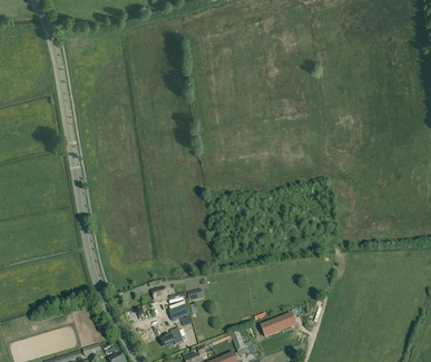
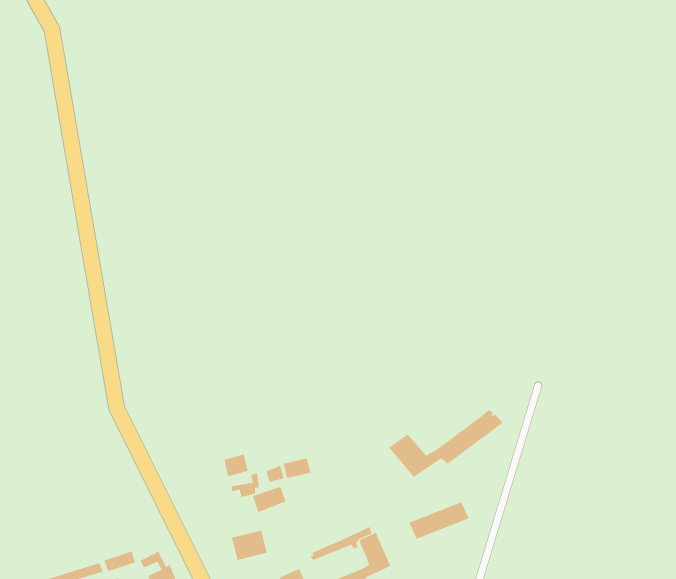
building: none -> [388,409,503,478]

